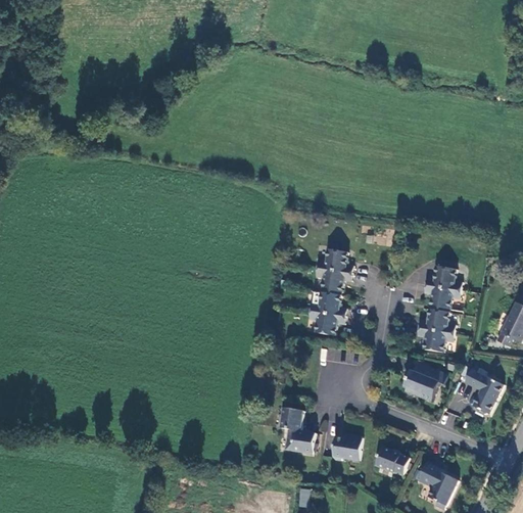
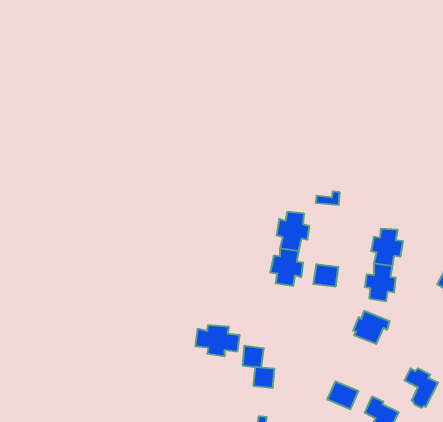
building: none -> [313,264,338,287]
building: [464,369,503,414] -> [404,368,438,408]
building: none -> [196,325,239,356]
building: [331,434,363,458] -> none

